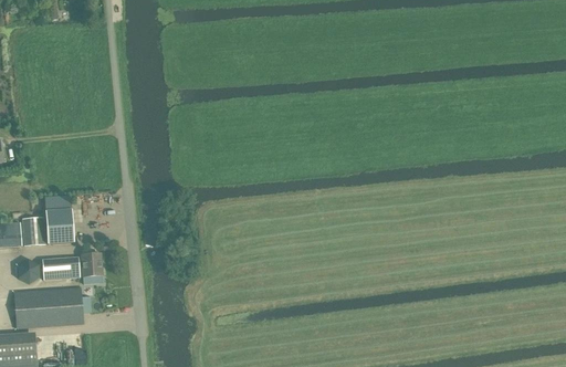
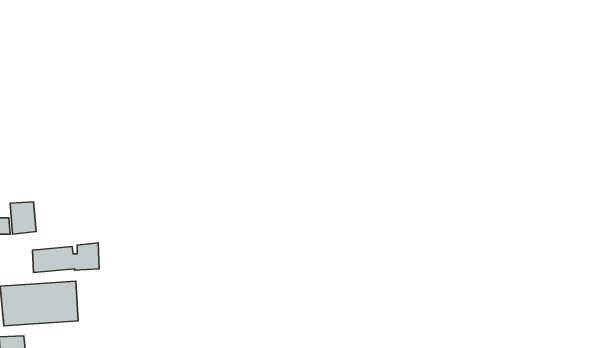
building: [44,195,73,243] -> none

